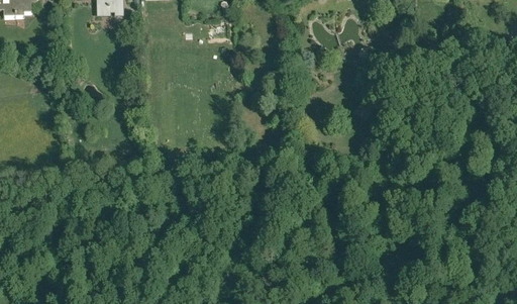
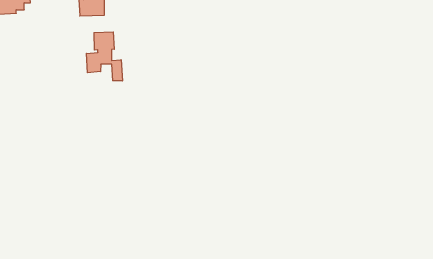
building: none -> [86,32,122,81]

